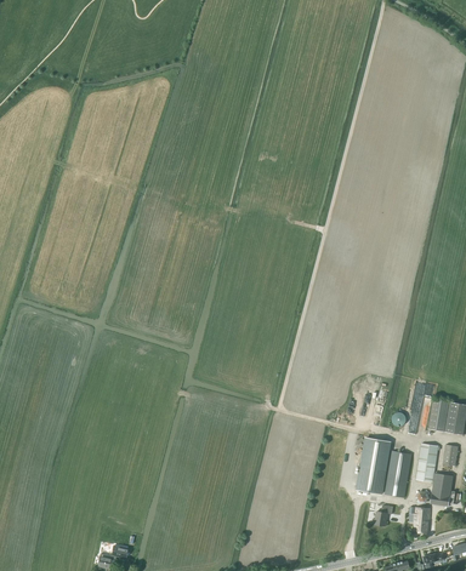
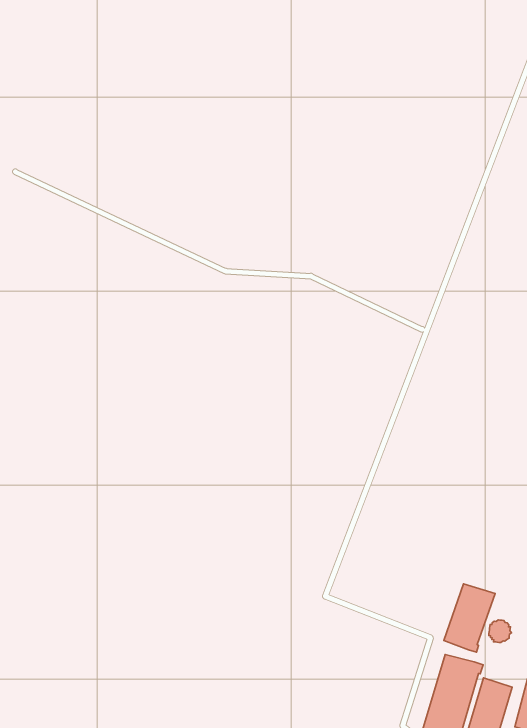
building: none -> [444,584,495,652]

